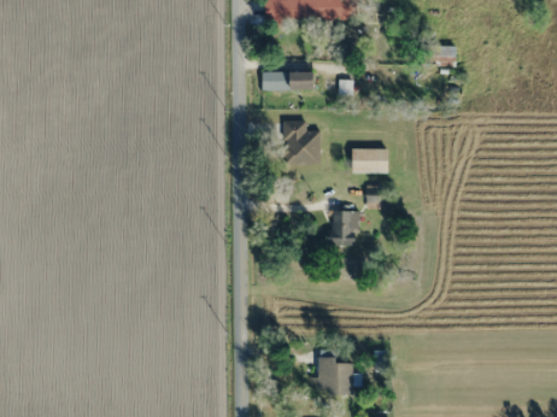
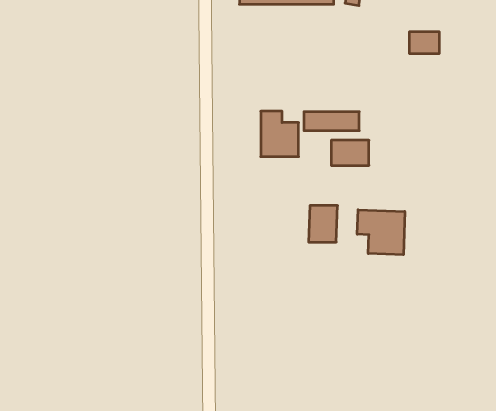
building: [262,71,315,89] -> [304,112,359,131]
building: none -> [357,210,405,255]
building: [318,350,353,394] -> none

